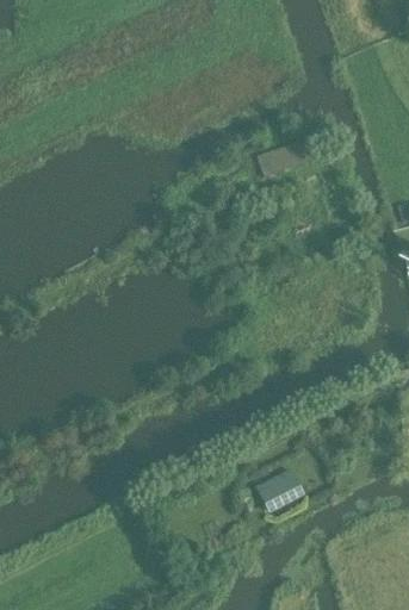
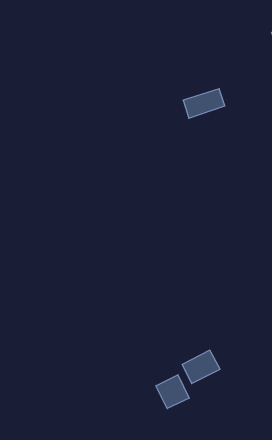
building: none -> [156,375,189,409]

